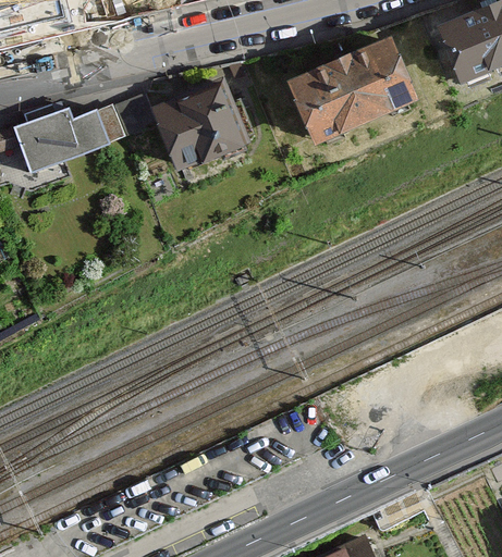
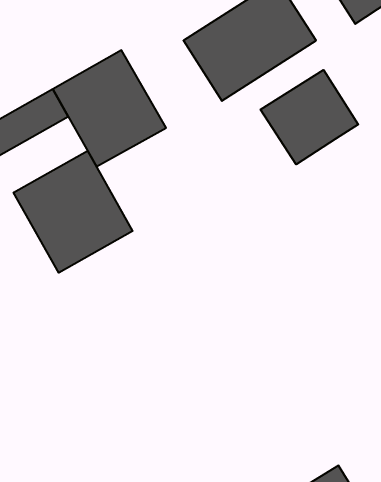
building: none -> [261,70,358,164]
building: none -> [14,151,133,273]

